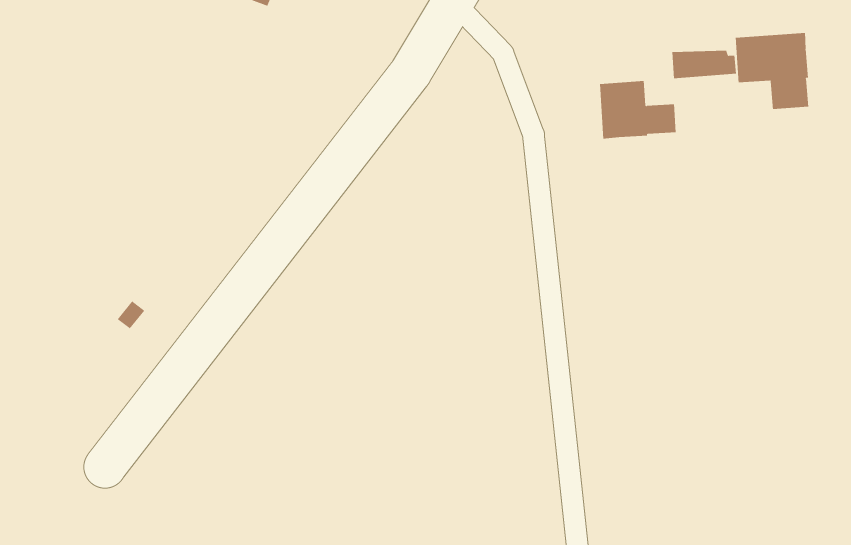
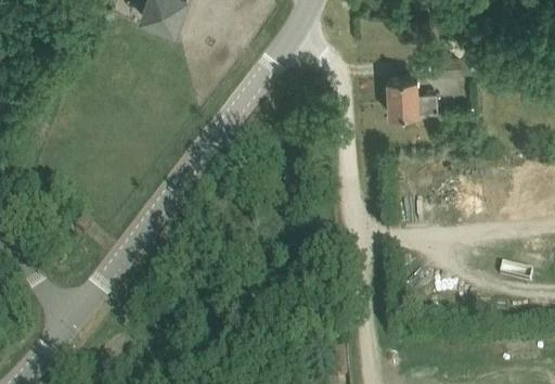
building: [735,32,809,110] -> none

